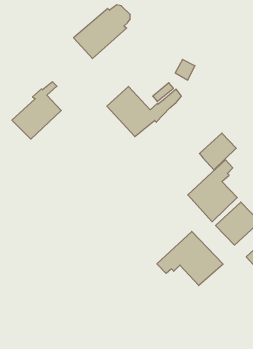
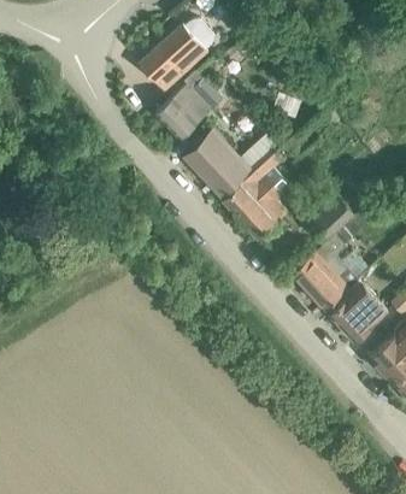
building: [12,82,61,139] -> [155,63,222,140]
building: none -> [222,131,306,240]
building: [157,231,223,286] -> none

